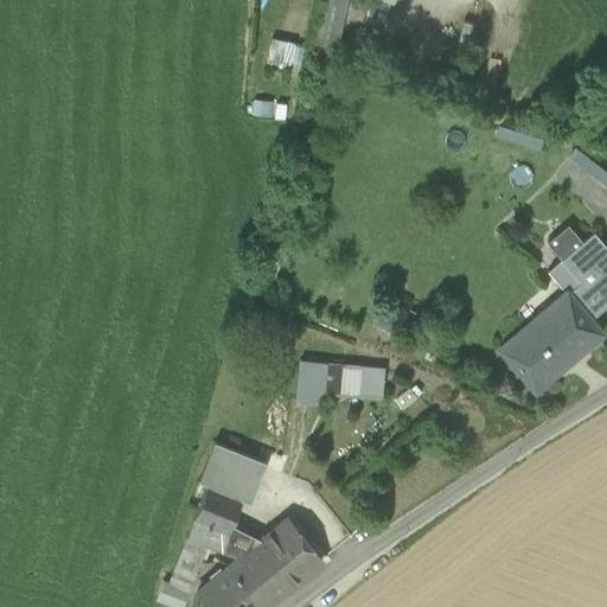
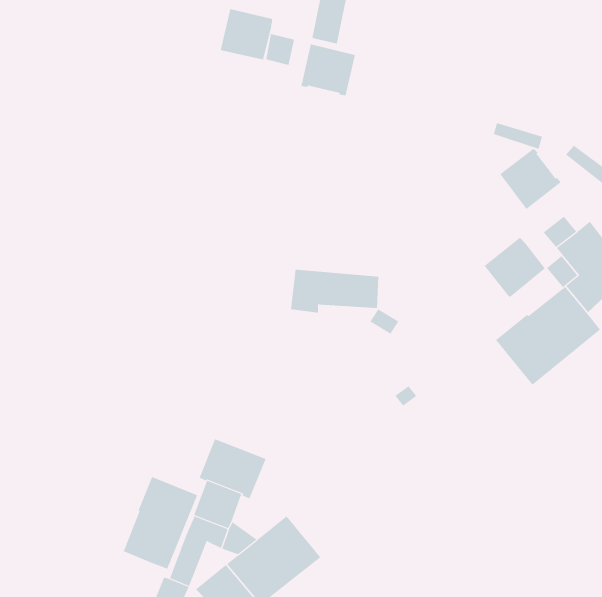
building: none -> [220,8,273,60]
building: none -> [301,43,356,96]
building: none -> [500,148,561,210]
building: none -> [483,237,546,298]
building: [295,360,384,404] -> [290,269,379,313]
building: none -> [123,476,198,570]

